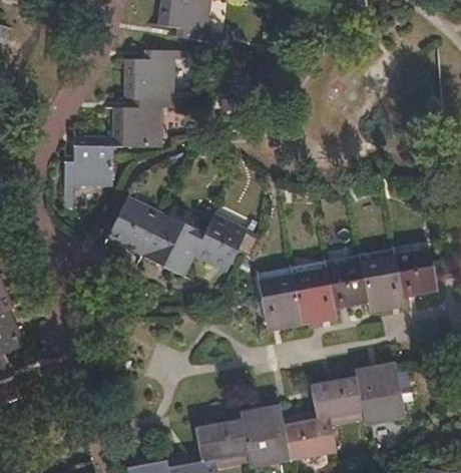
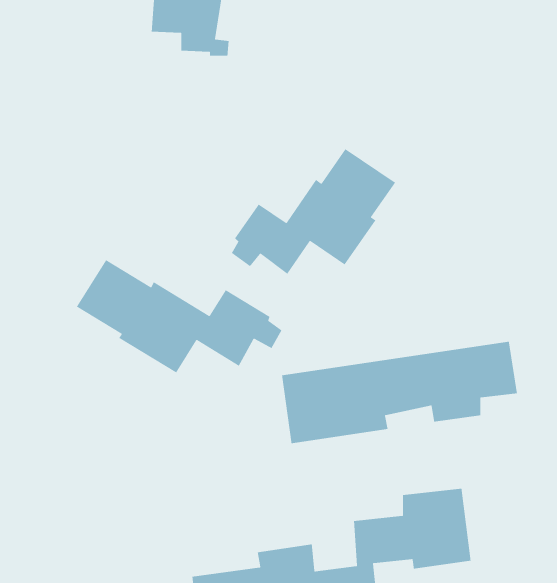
building: [61,49,185,196] -> none
building: none -> [231,148,396,275]

